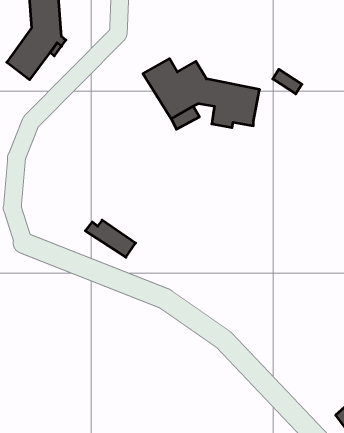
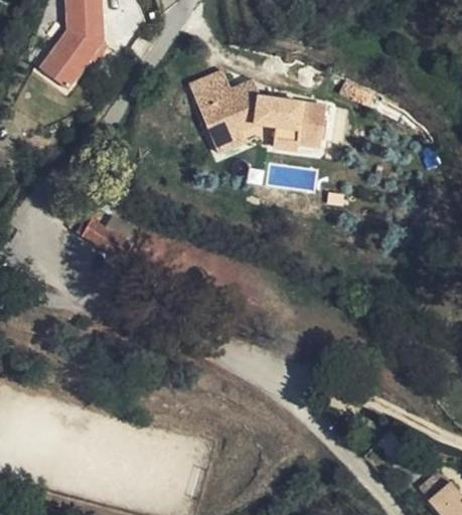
building: [85,220,136,257] -> [76,219,134,262]

